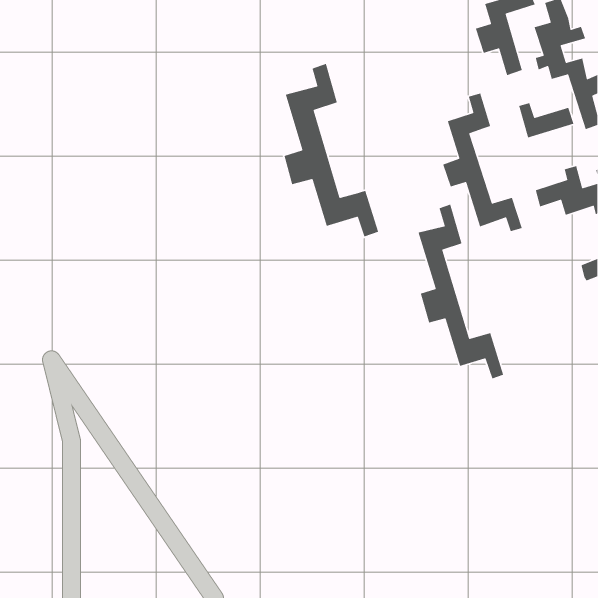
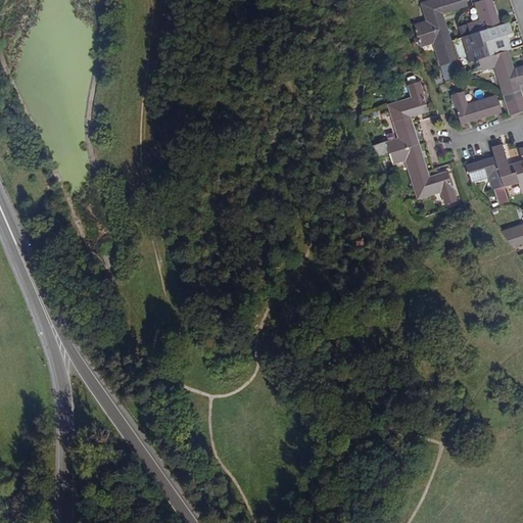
building: [283,63,379,238] -> none
building: [418,203,504,380] -> none

